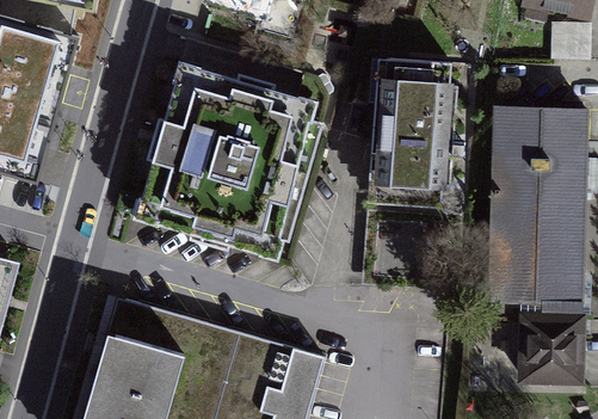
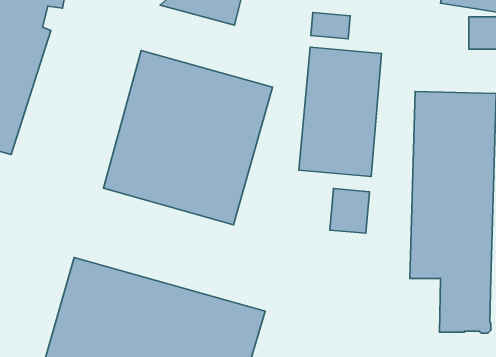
building: none -> [311,13,350,39]
building: none -> [330,189,370,233]

